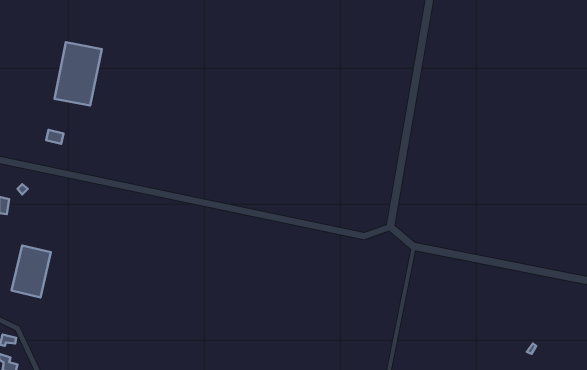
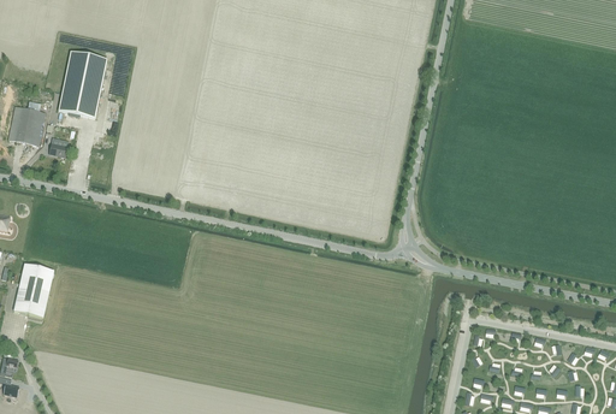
building: none -> [8,101,46,146]

